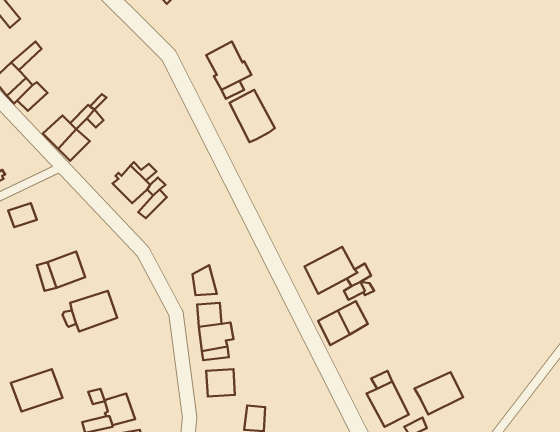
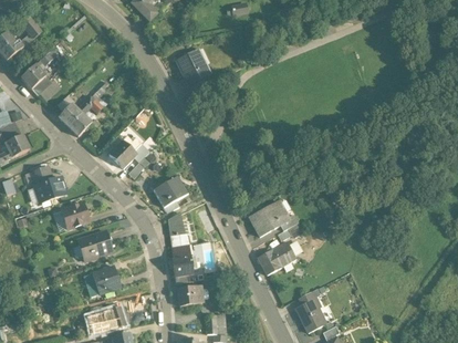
building: [229,90,275,142] -> none
building: none -> [153,175,187,207]
building: none -> [33,179,66,202]
building: [11,369,62,411] -> [83,266,121,297]
building: [415,372,463,414] -> none

